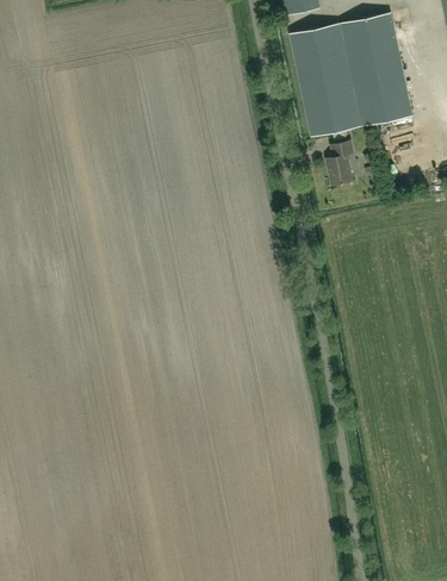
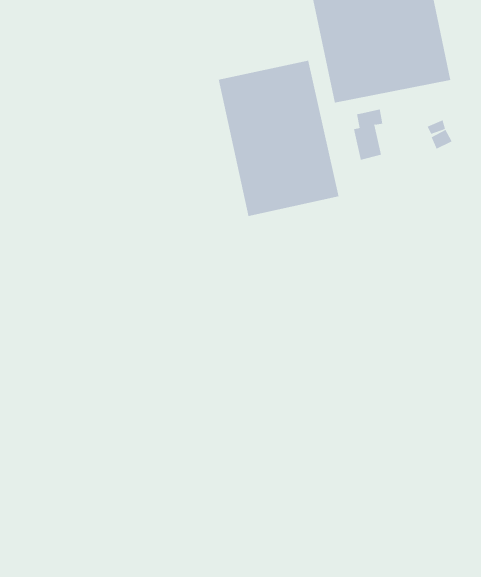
building: none -> [218,60,339,217]

